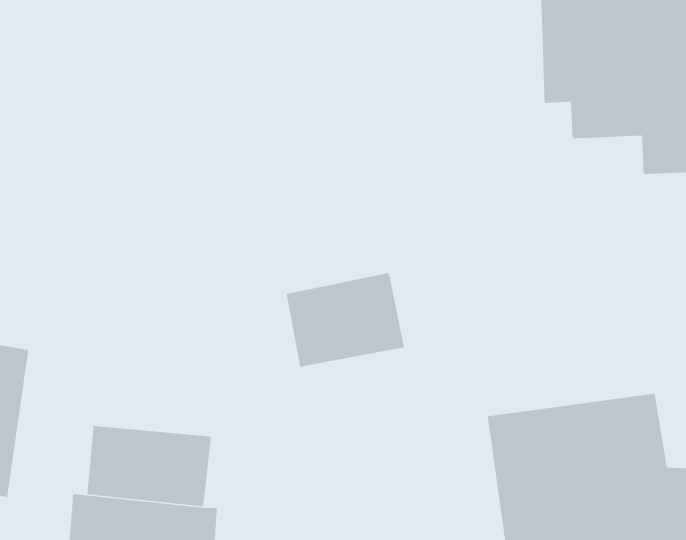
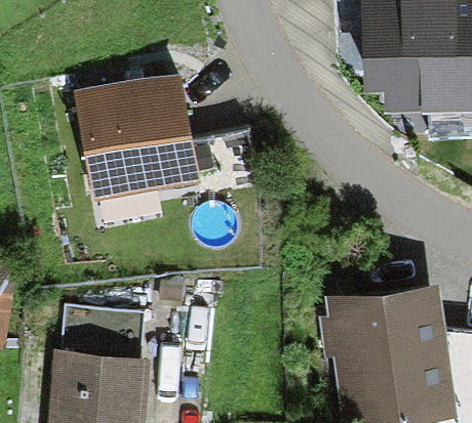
building: none -> [76,72,201,202]
building: [286,272,405,367] -> none

